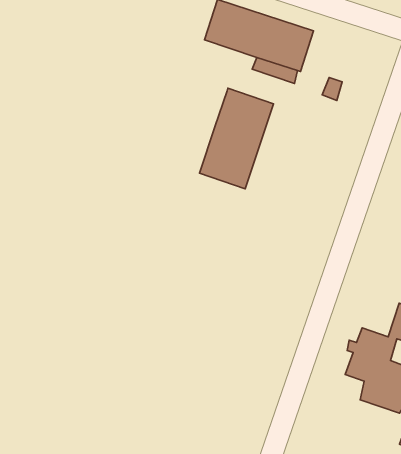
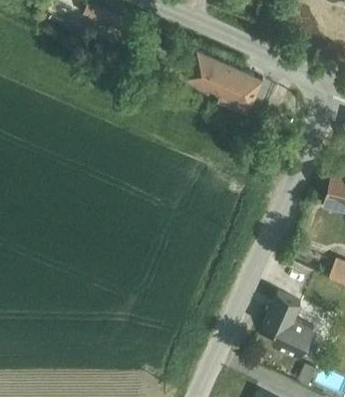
building: [199,88,274,189] -> none

